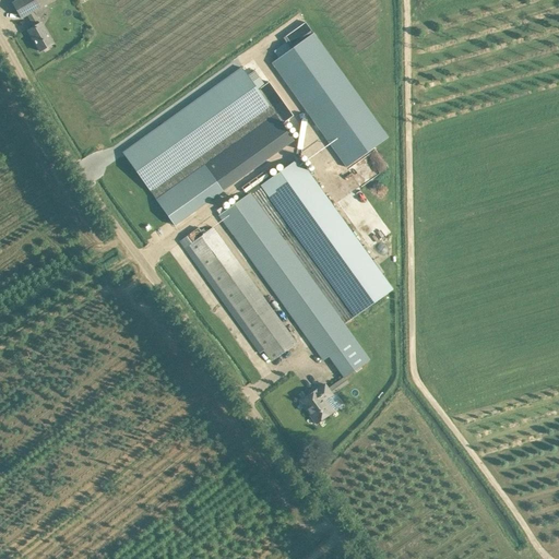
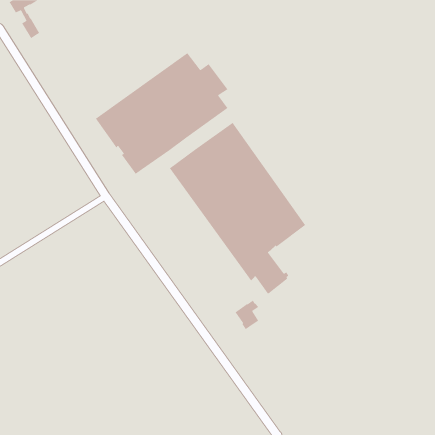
building: [271,21,388,167] -> none
building: [178,226,295,359] -> none

